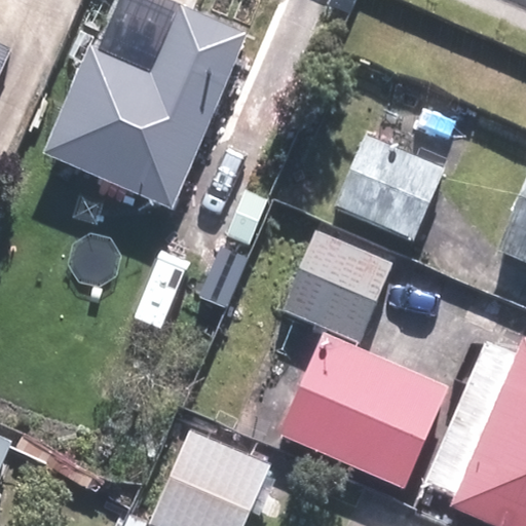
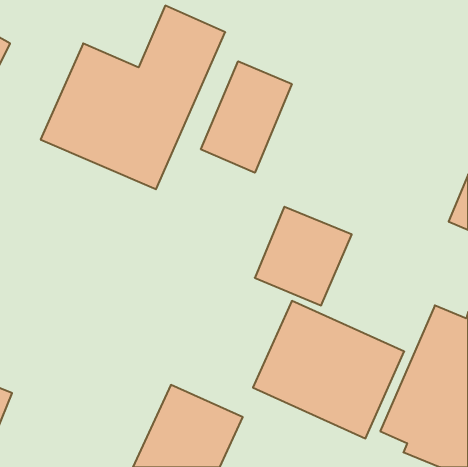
building: none -> [201,61,292,173]
building: [333,133,447,241] -> none

